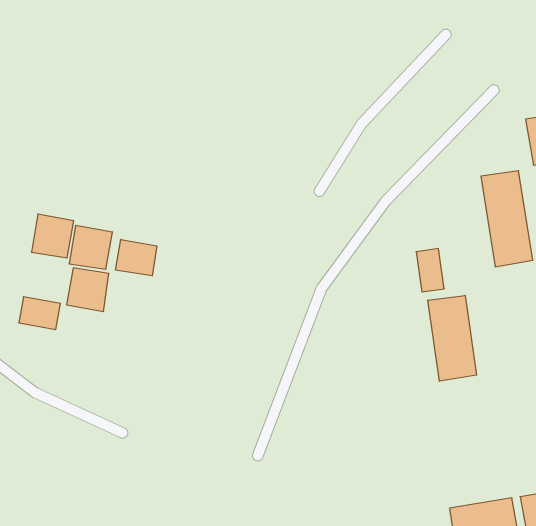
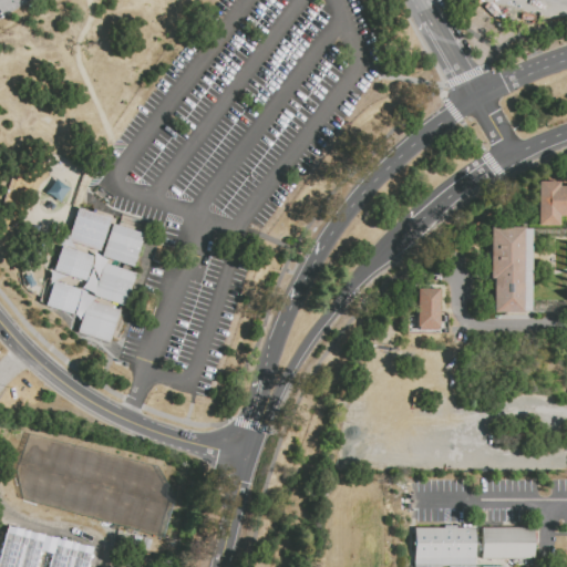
building: [116,239,157,276] -> none
building: none -> [54,244,95,278]
building: [428,295,477,381] -> none
building: none -> [78,297,121,341]

